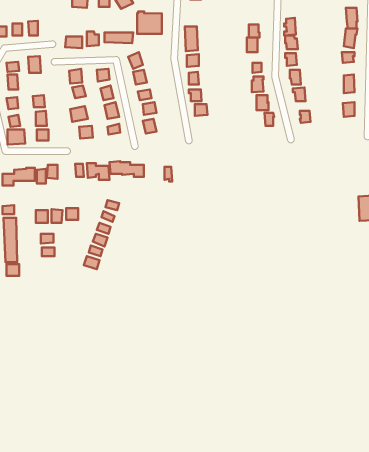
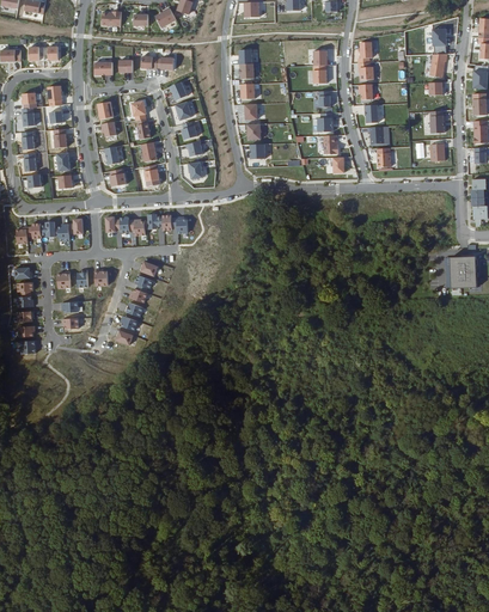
building: [137,11,162,34] -> none

